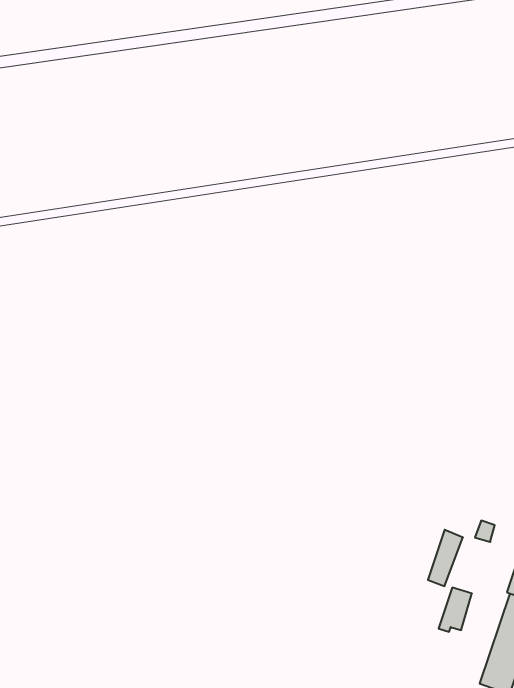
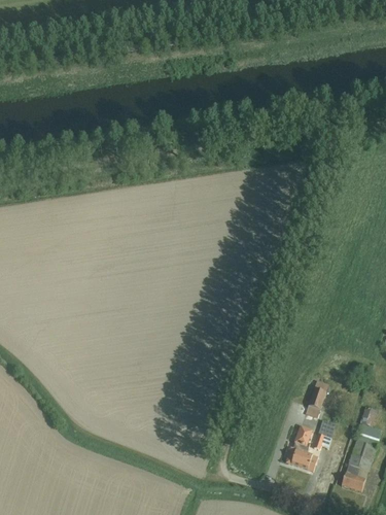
building: none -> [287,425,318,471]

